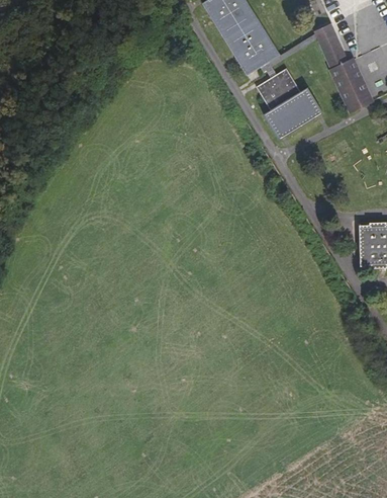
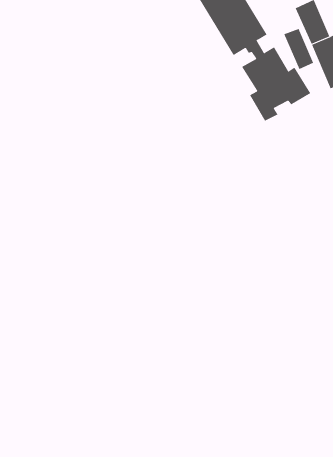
building: none -> [284,28,314,70]

